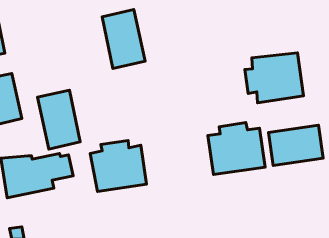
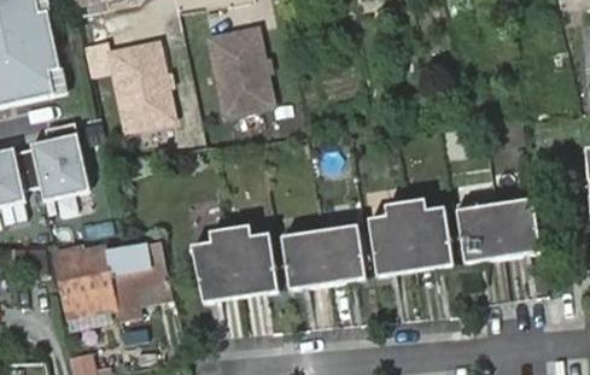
building: [245,53,304,103] -> none
building: [37,90,80,149] -> [110,43,174,131]
building: none -> [281,228,364,288]

